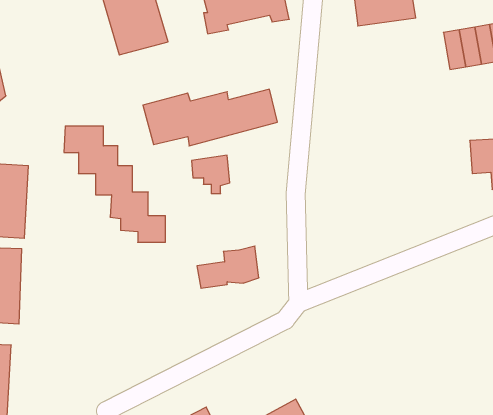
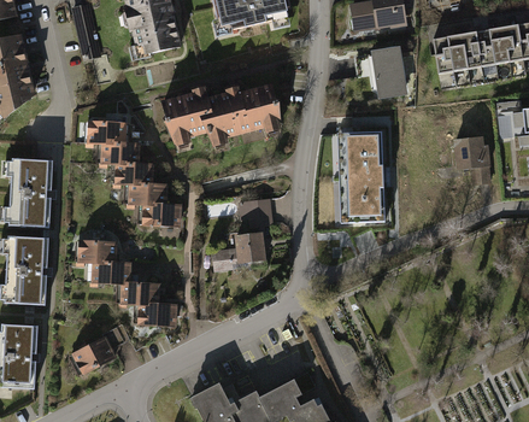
building: none -> [375,48,404,94]
building: none -> [346,130,386,222]
building: [192,155,230,194] -> [235,199,270,234]
building: none -> [78,240,175,328]
building: none -> [71,336,113,373]

